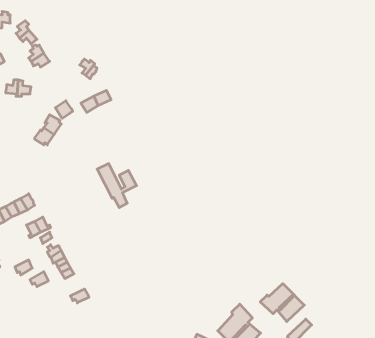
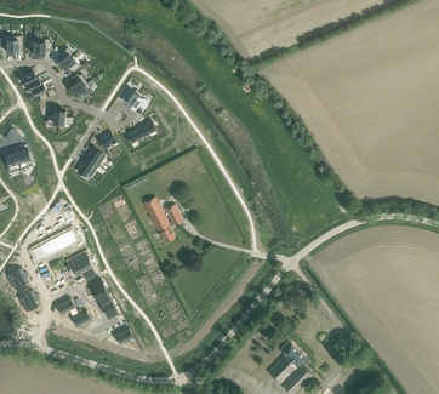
building: [260,284,304,322] -> none

